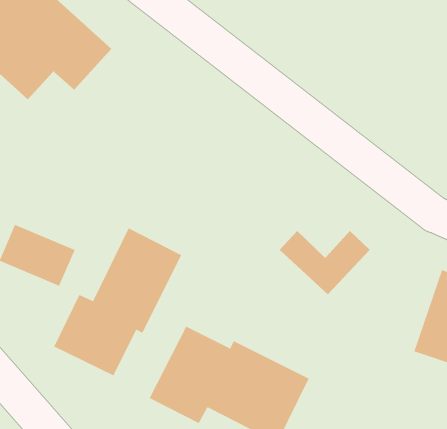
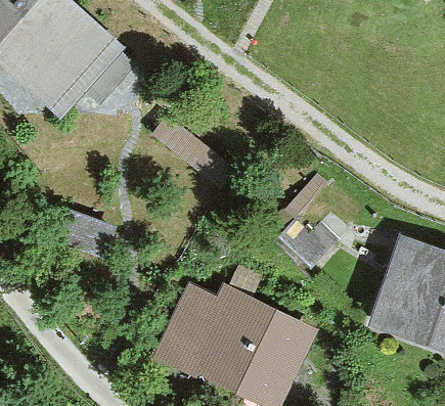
building: [53,228,182,376] -> none

